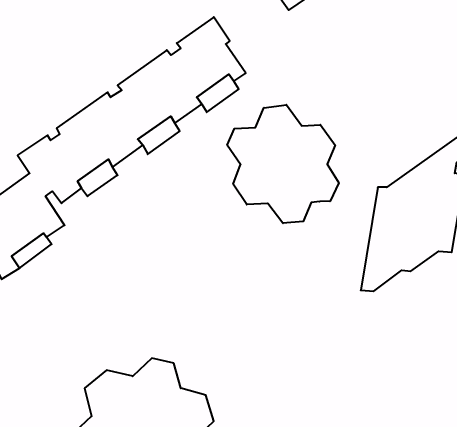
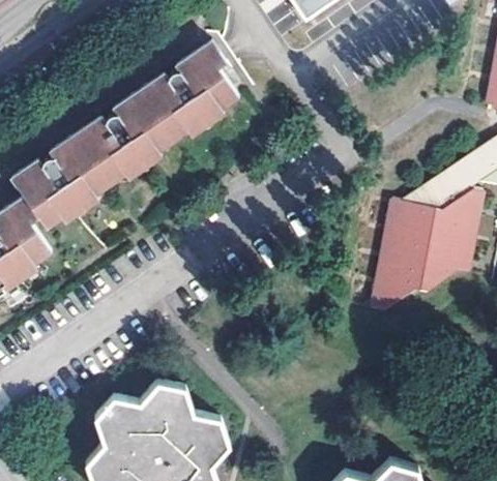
building: [227,105,339,223] -> none

